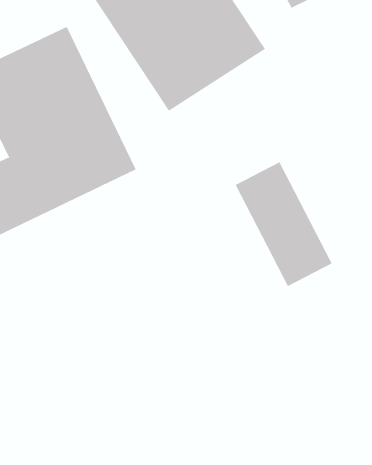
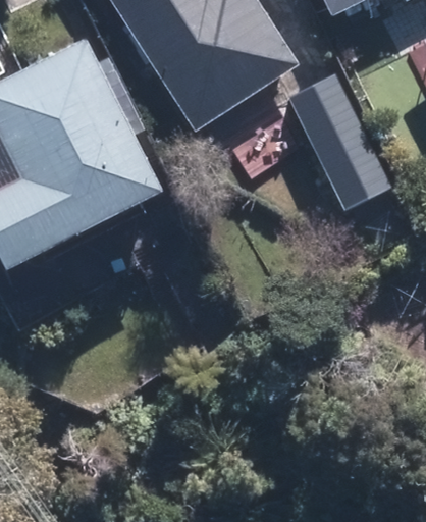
building: [235,161,332,287] -> [287,72,393,209]

